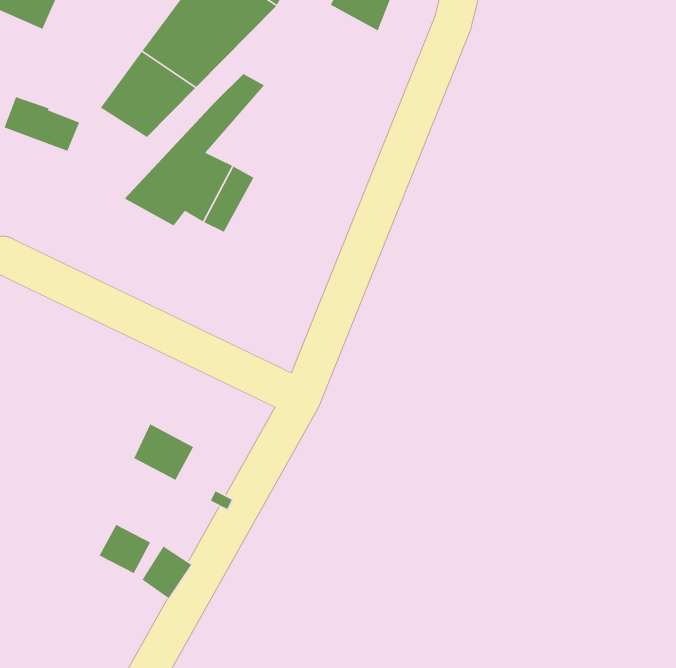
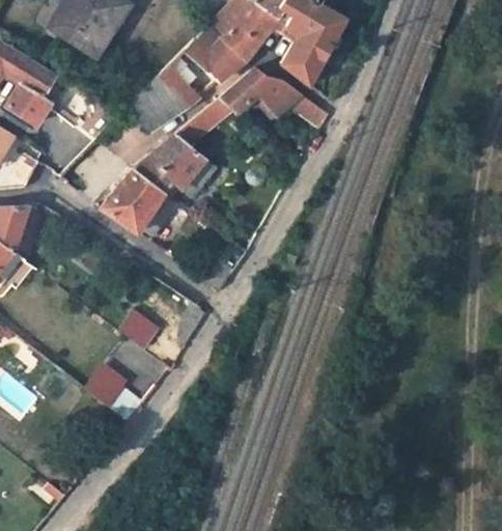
building: none -> [219,66,327,122]
building: none -> [101,167,175,236]

